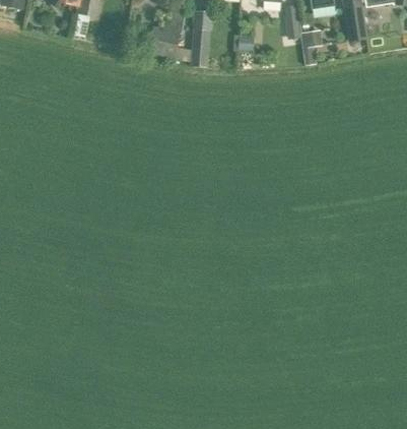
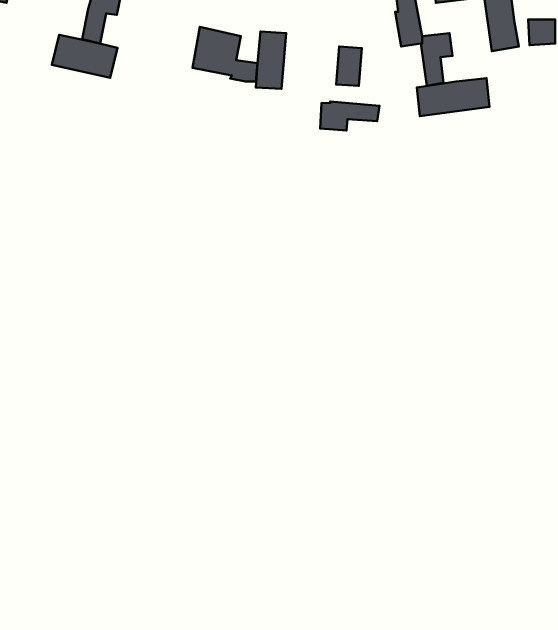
building: none -> [52,35,117,78]
building: none -> [417,78,490,116]
building: none -> [320,101,379,131]

